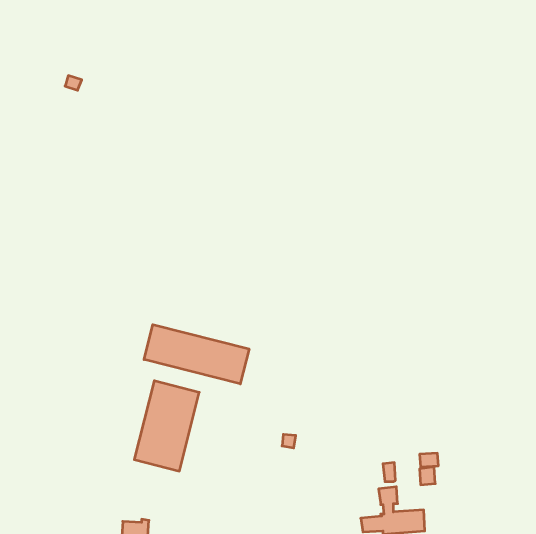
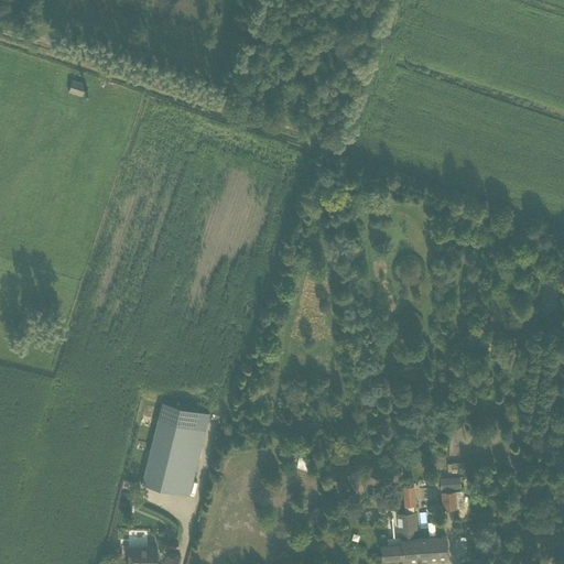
building: [144,325,249,384] -> none

